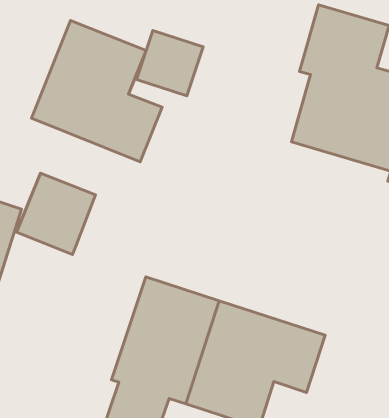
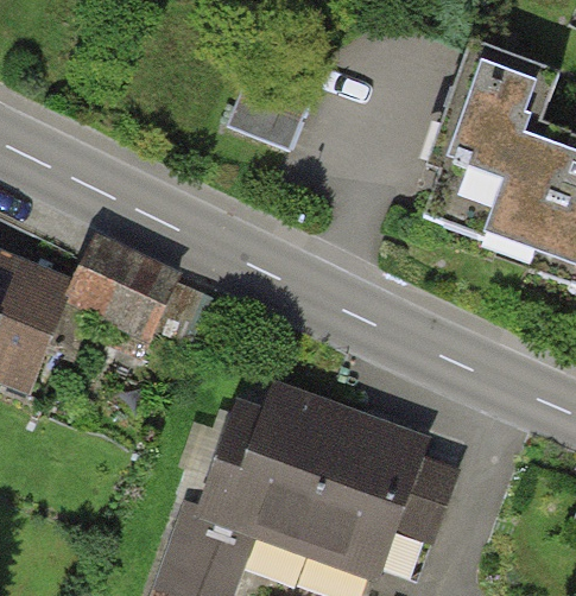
building: [31,21,162,162] -> none

